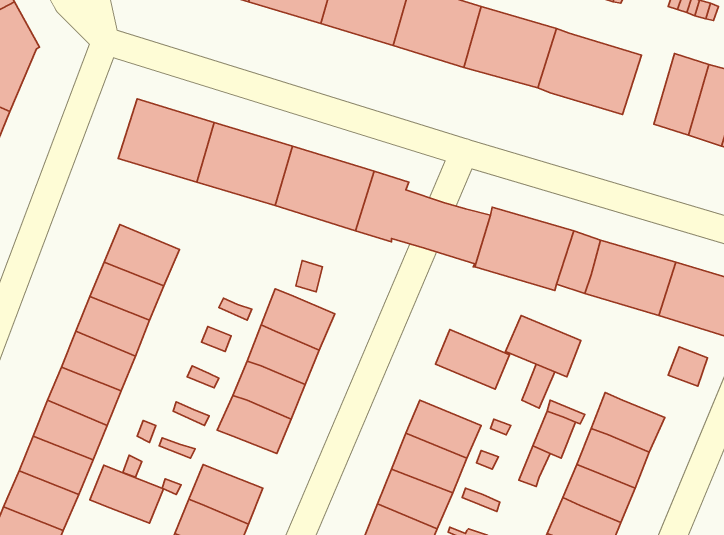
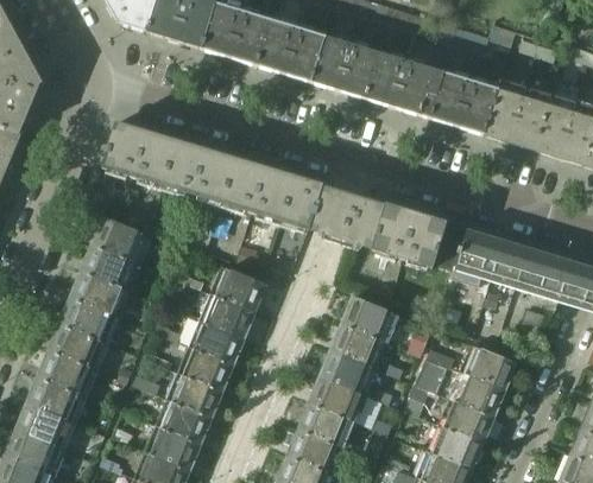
building: none -> [485,81,524,140]
building: [505,315,581,377] -> [332,322,389,368]
building: [90,465,164,523] -> [168,371,223,415]

